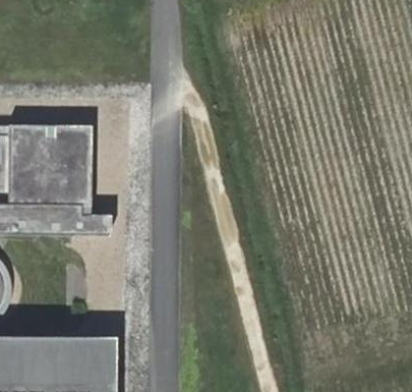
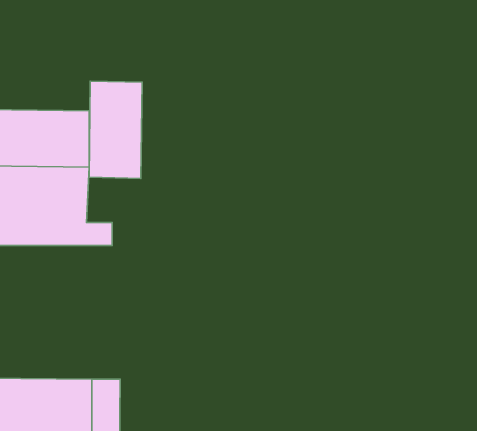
building: none -> [89,81,142,179]

